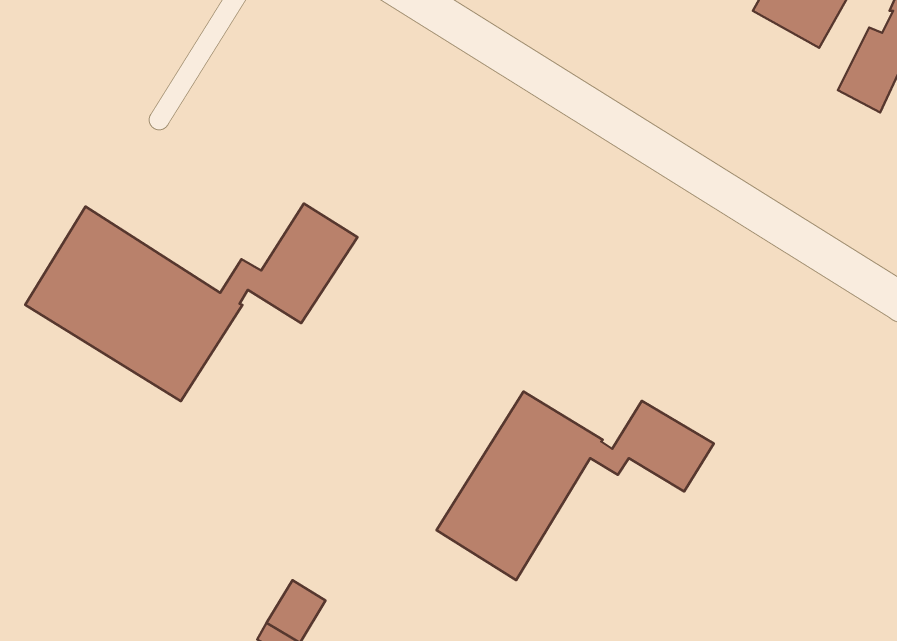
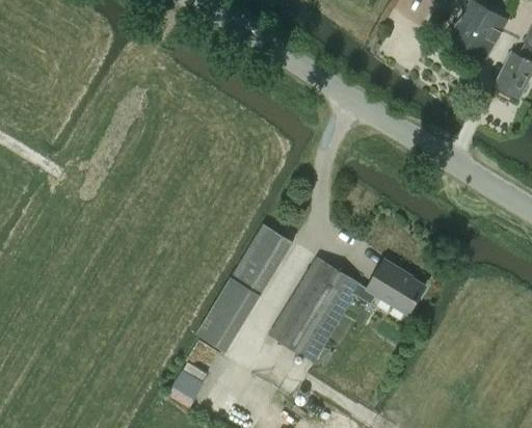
building: [25,203,357,401] -> none
building: none -> [196,223,293,351]

